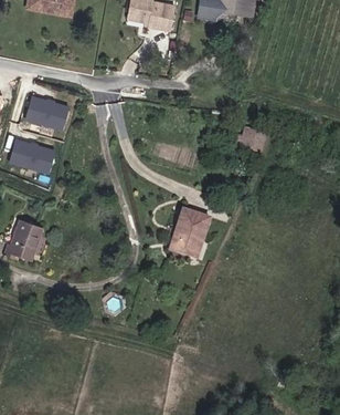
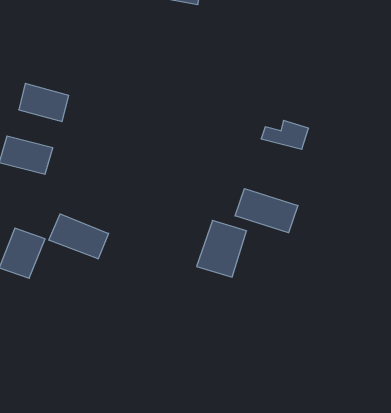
building: none -> [235,189,298,233]
building: none -> [49,214,109,259]

